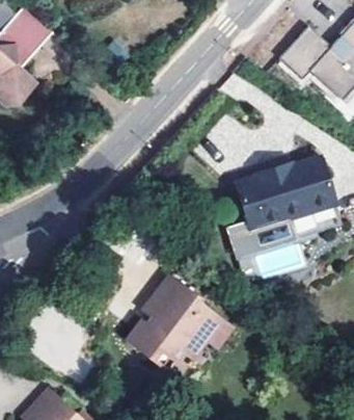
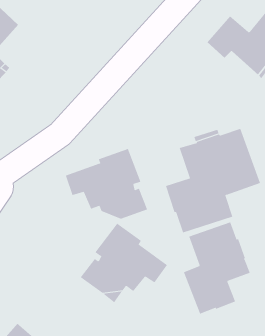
building: none -> [65,148,148,219]
building: none -> [183,221,251,314]

